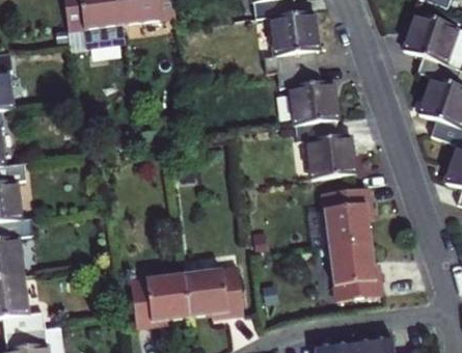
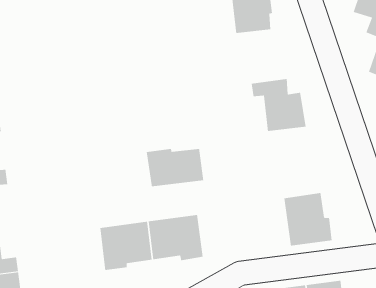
building: [278,67,337,126] -> none
building: [323,188,373,249] -> none
building: none -> [146,148,204,187]

